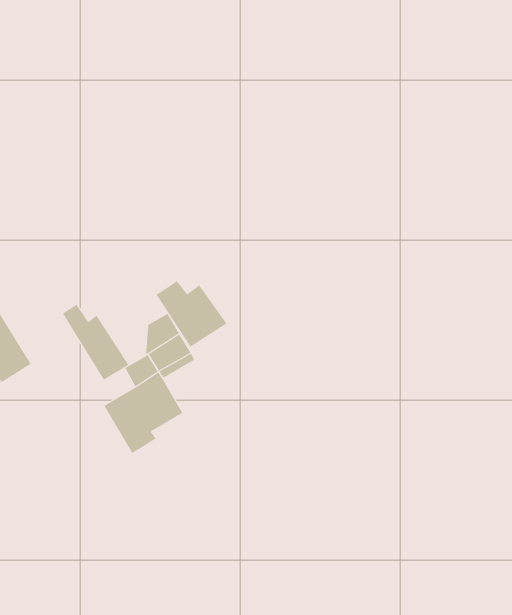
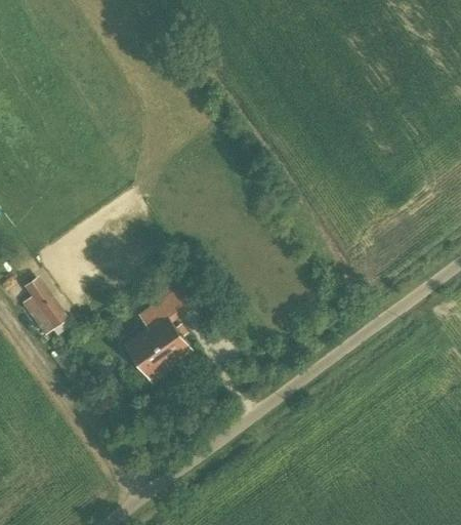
building: [156,280,227,348] -> none
building: [62,304,129,381] -> none

